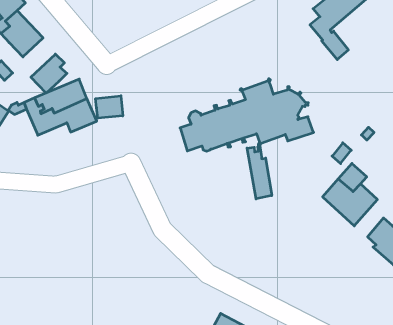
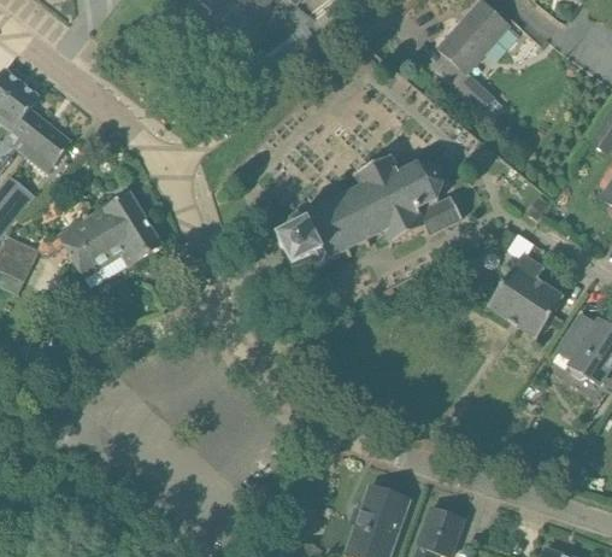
building: [31,54,67,93] -> none
building: [96,96,123,118] -> none
building: [247,146,272,199] -> none

